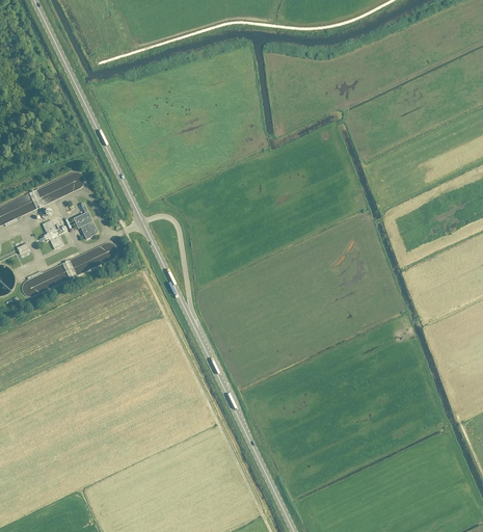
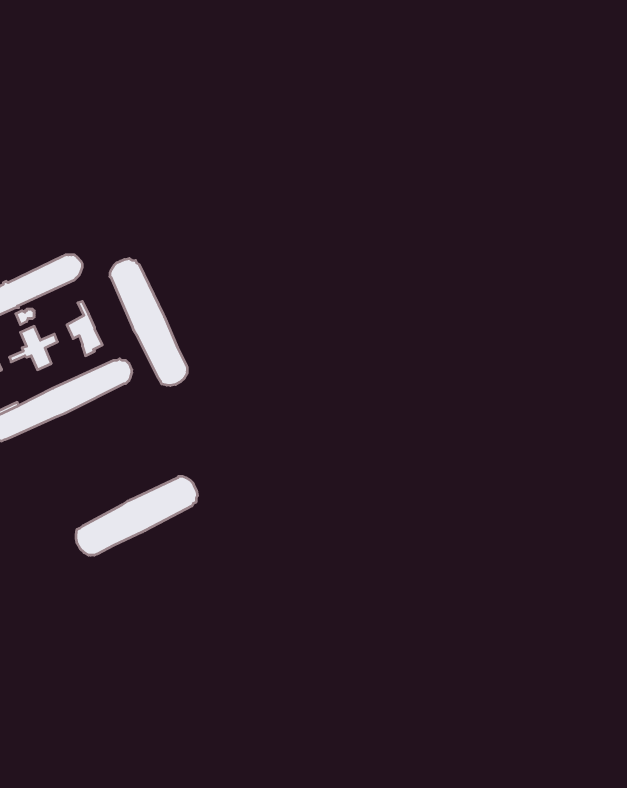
building: none -> [110,258,187,386]
building: none -> [76,476,198,555]

